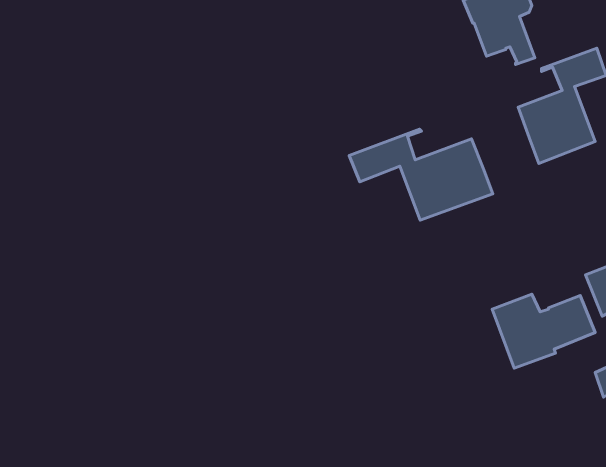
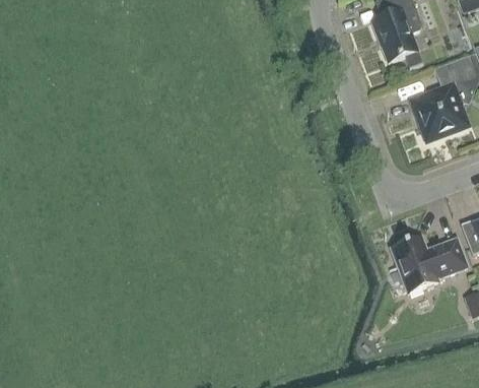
building: [349,129,493,220] -> none

